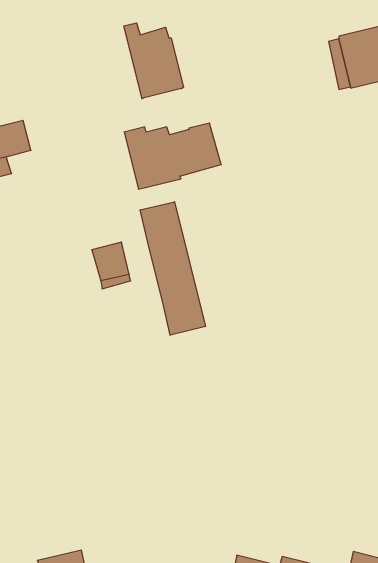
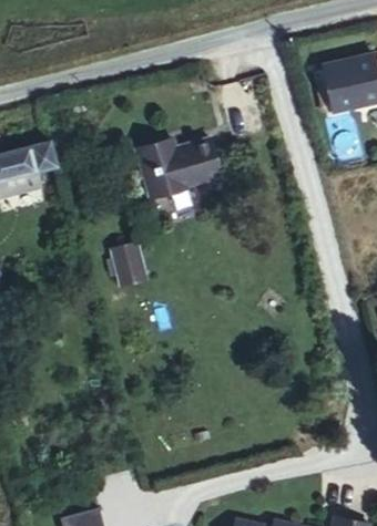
building: [124,23,183,99] -> none
building: [140,202,206,335] -> none

